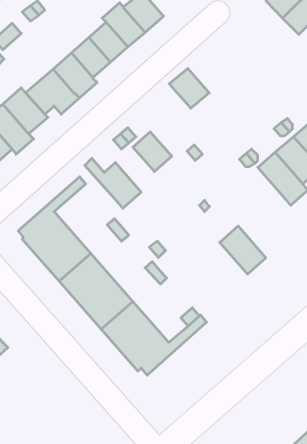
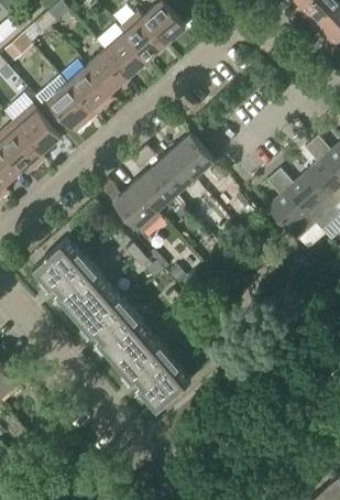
building: [169,68,209,108] -> [171,134,213,177]
building: none -> [133,167,175,216]
building: [220,226,266,274] -> [266,189,316,241]

